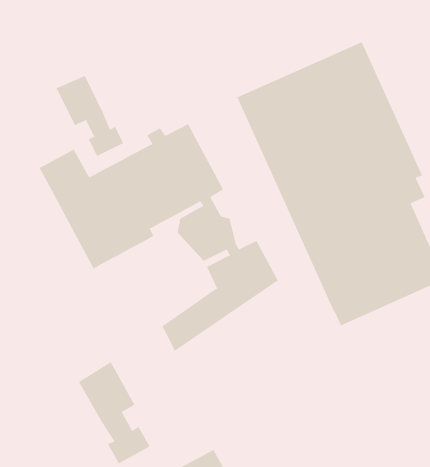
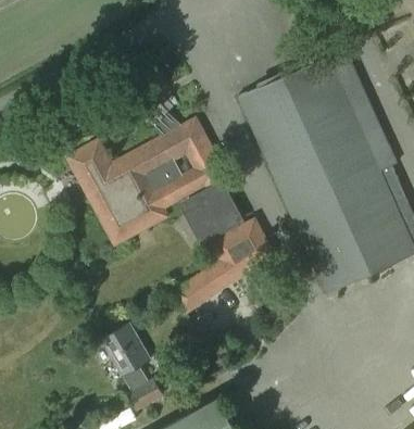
building: [56,75,124,157] -> none

